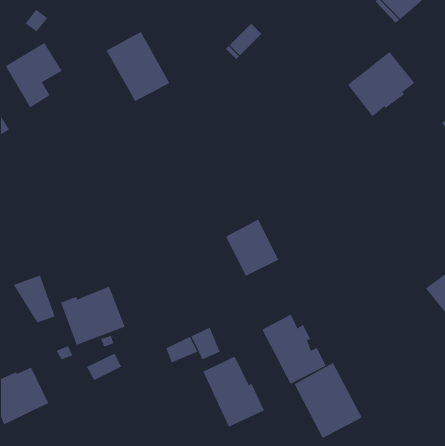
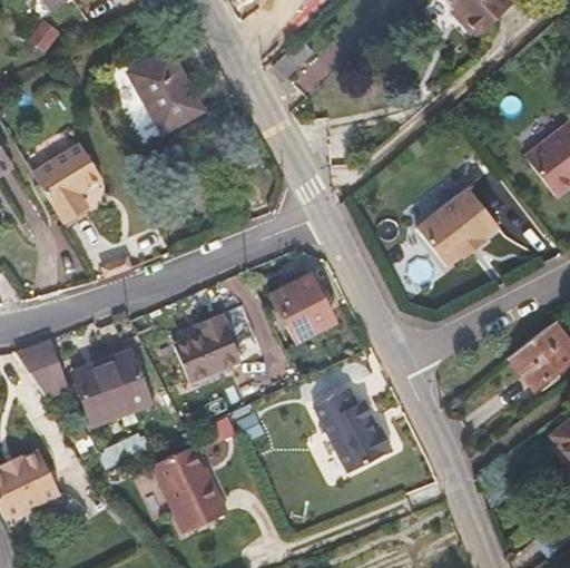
building: [5,42,63,108] -> [32,144,101,223]
building: [347,51,415,117] -> [417,188,499,267]
building: none -> [173,313,240,382]
building: [203,356,265,427] -> [151,447,226,532]
building: [294,362,363,439] -> none

